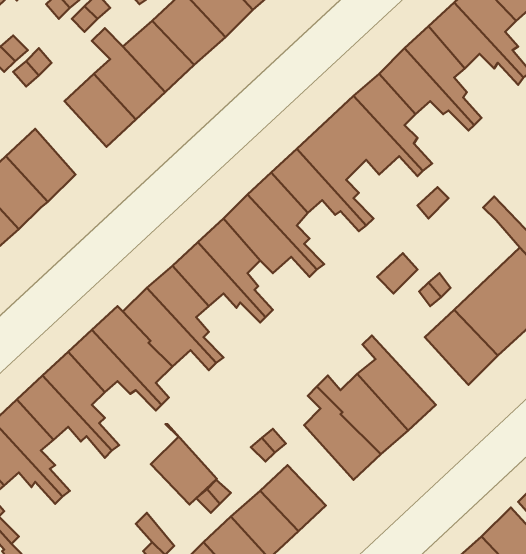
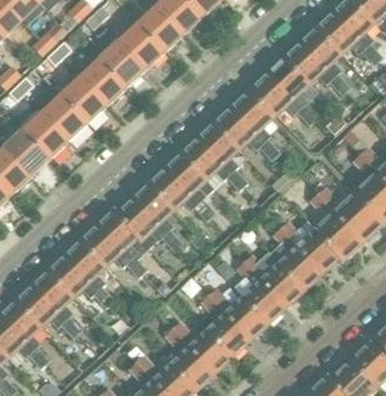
building: none -> [61,75,107,123]
building: none -> [280,219,340,273]
building: [151,424,217,505] -> [225,286,268,339]

